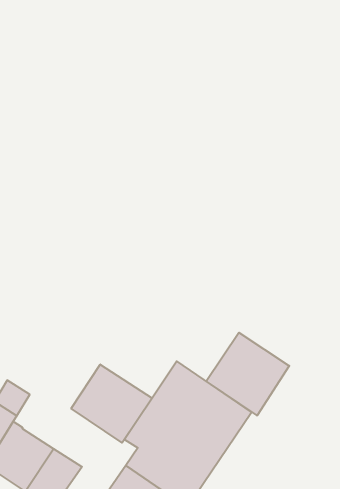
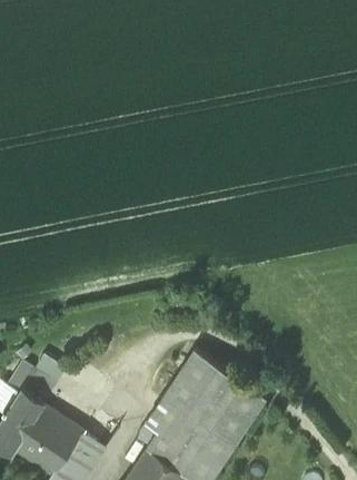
building: [206,333,289,416] -> none
building: [71,364,152,443] -> none

